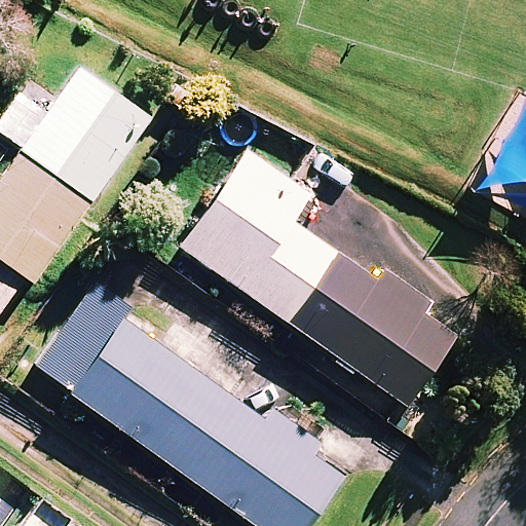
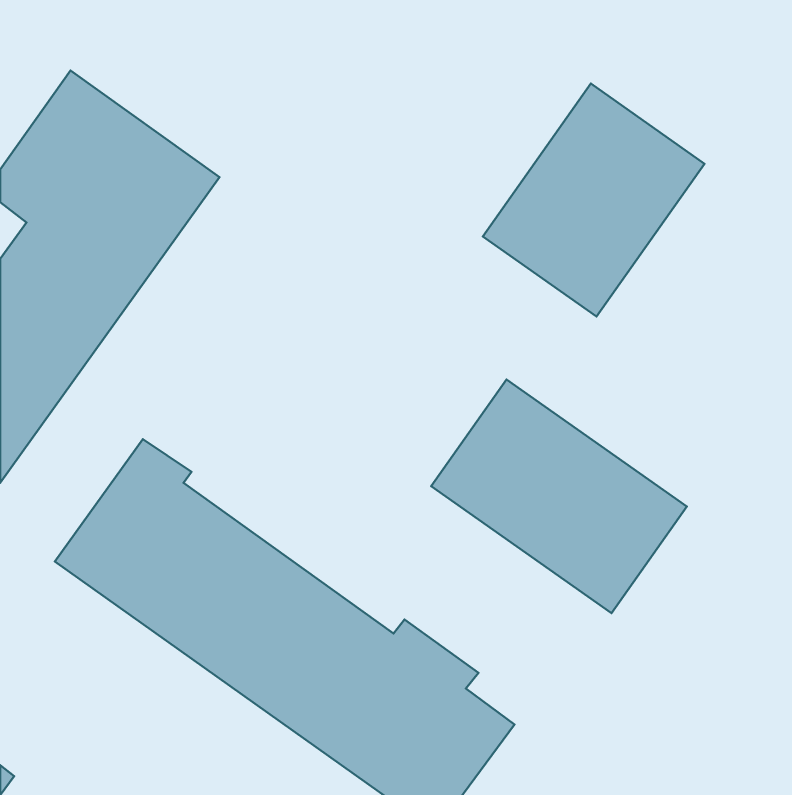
building: none -> [483,84,704,317]
building: [181,151,338,323] -> none

